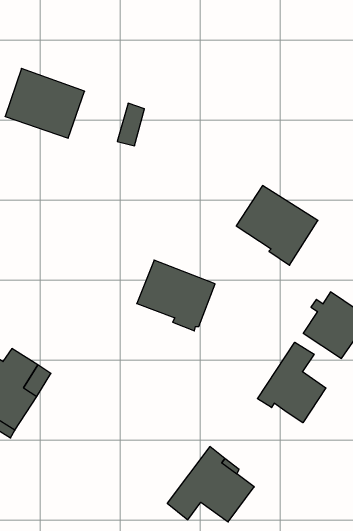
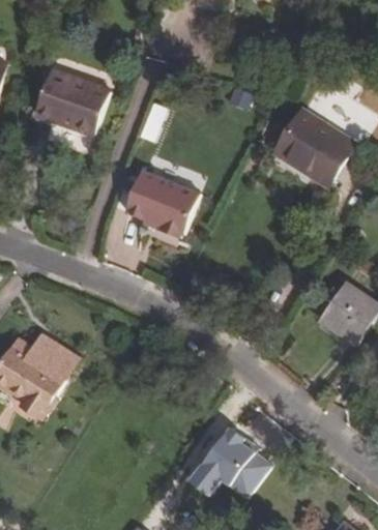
building: [236,186,318,265] -> [277,110,354,185]
building: [137,260,215,331] -> [125,167,200,234]
building: [257,342,326,423] -> none

